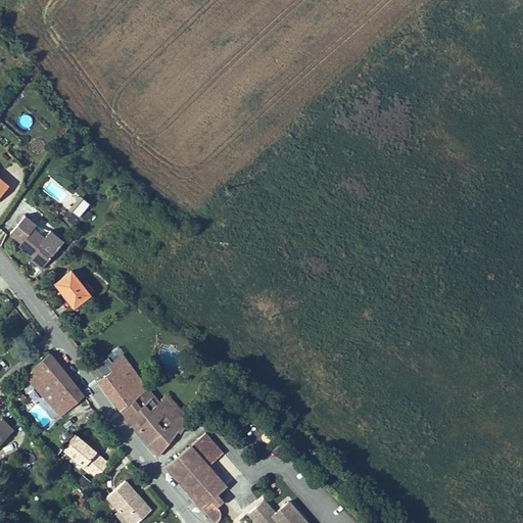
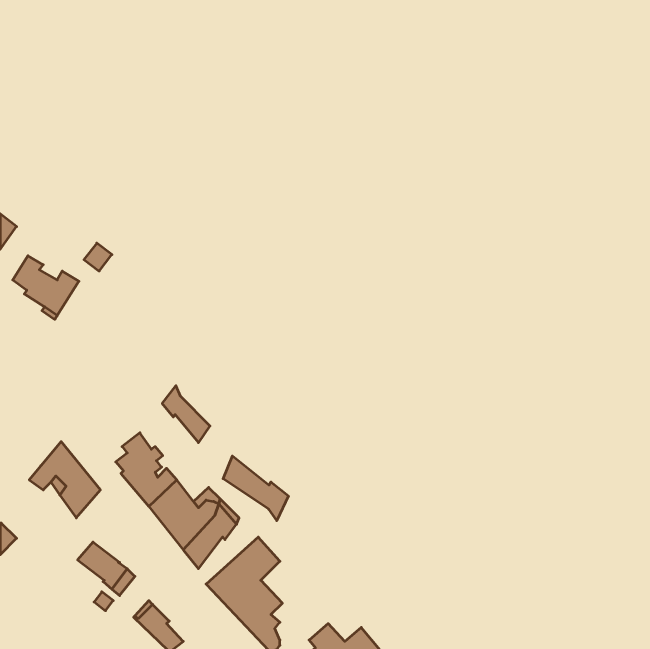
building: [56,273,88,307] -> none
building: none -> [162,386,210,443]
building: none -> [223,456,288,521]

